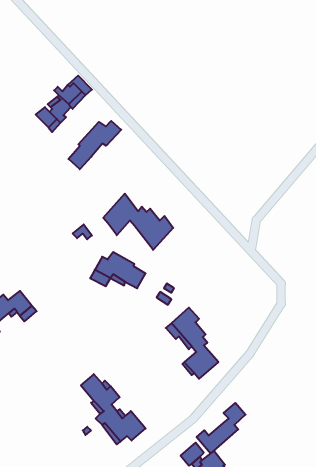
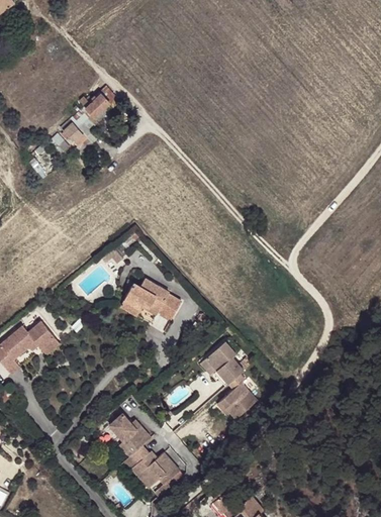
building: [68,121,121,169] -> none
building: [103,194,173,250] -> none
building: [197,403,246,453] -> none

